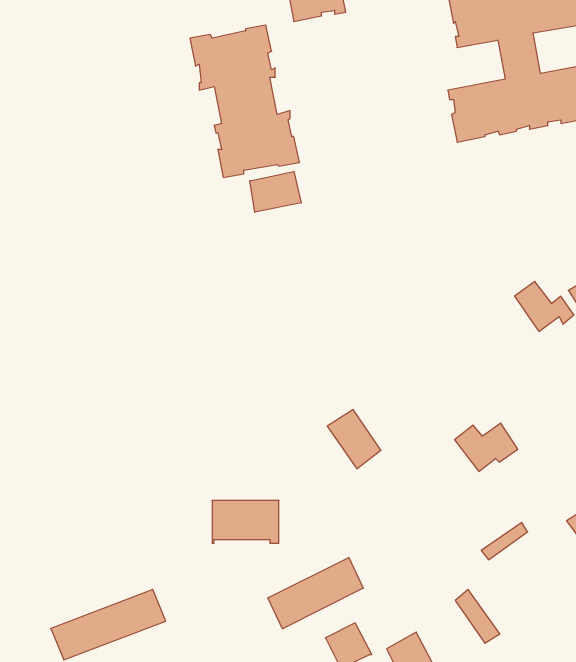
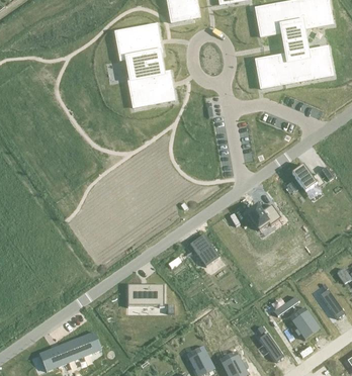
building: [250,171,301,212] -> none
building: [455,423,518,471] -> [246,203,280,229]
building: none -> [291,310,320,339]
building: [268,557,363,629] -> none

